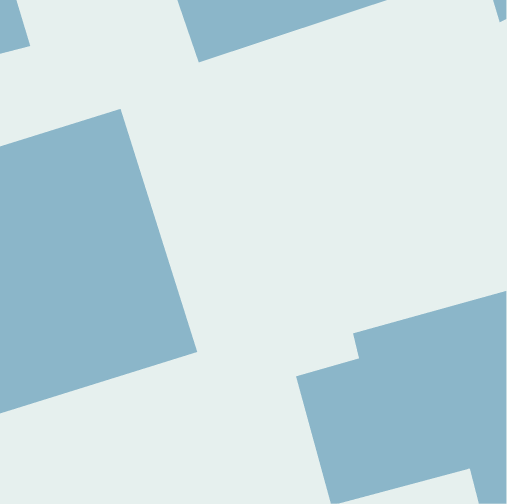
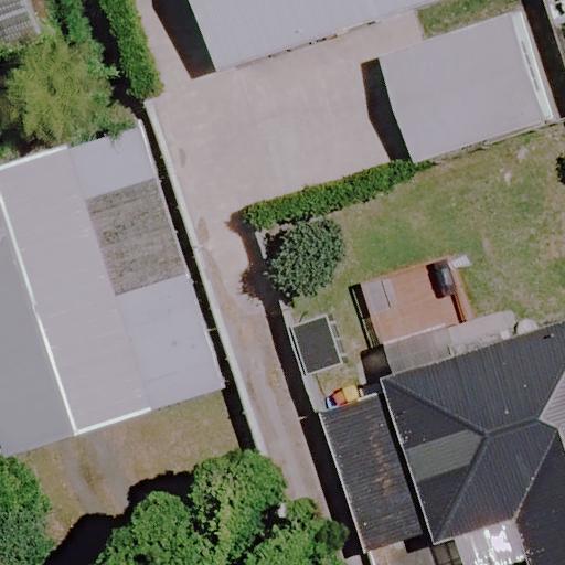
building: none -> [377,11,547,163]

